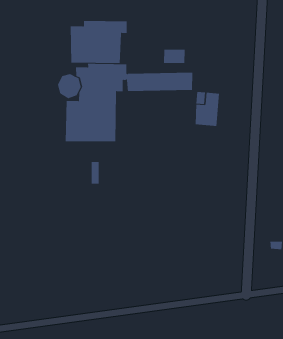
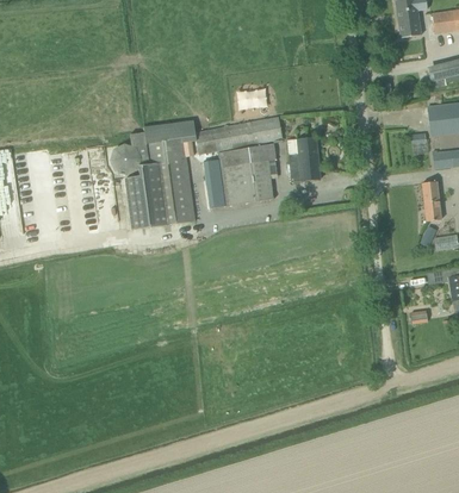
building: [70,20,128,64] -> [201,143,275,207]

